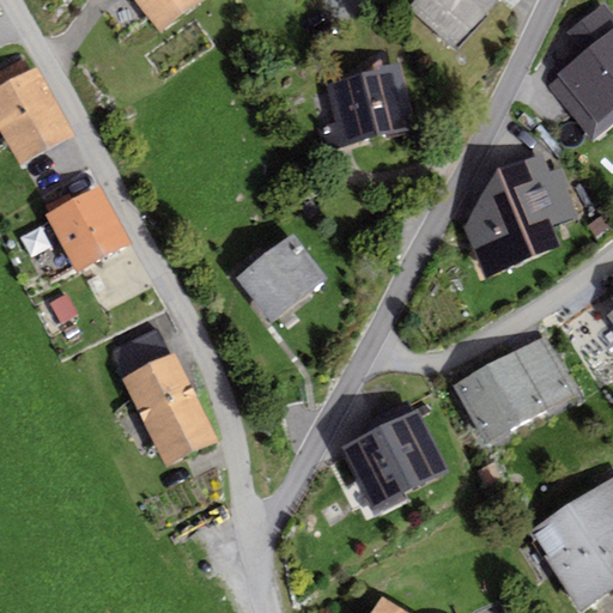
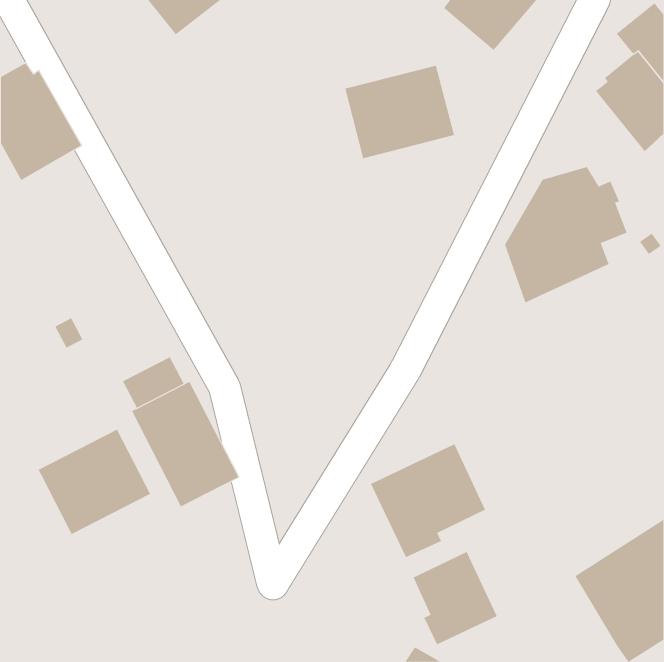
building: [45,183,132,271] -> none
building: [236,232,328,322] -> none
building: [453,333,579,444] -> none
building: none -> [38,429,151,535]
building: none -> [413,551,497,645]

